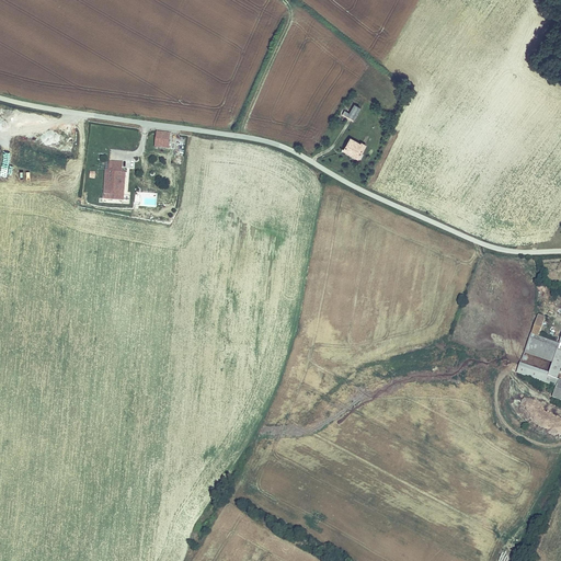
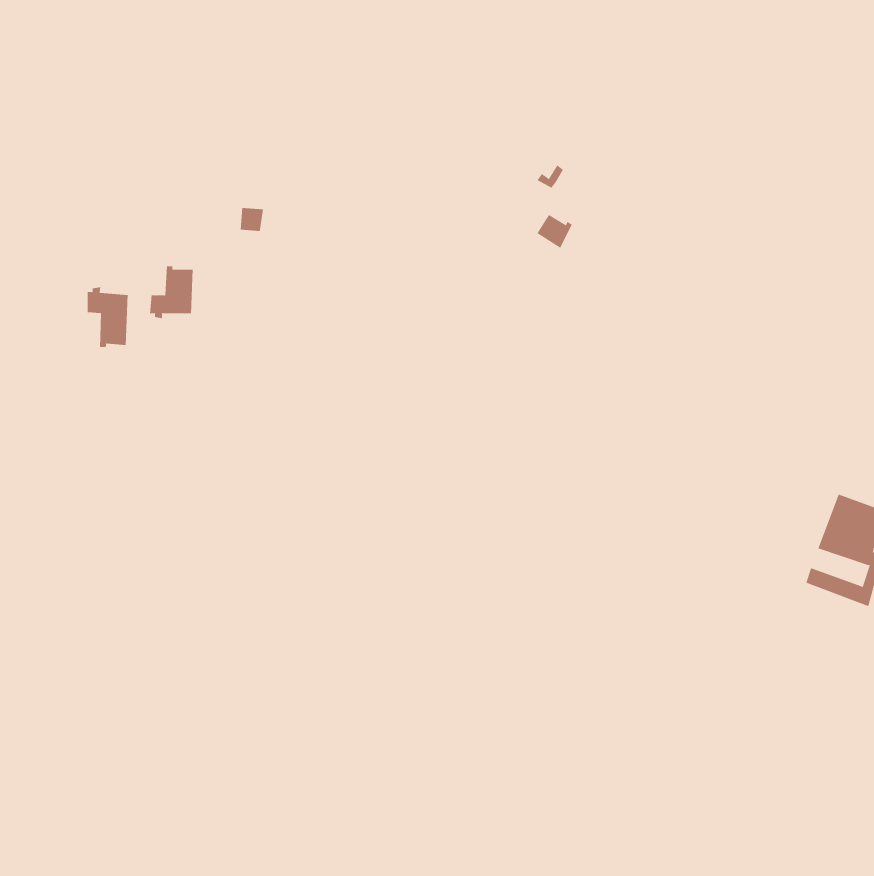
building: none -> [87,286,128,348]

